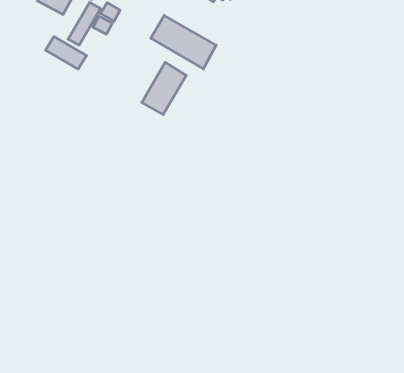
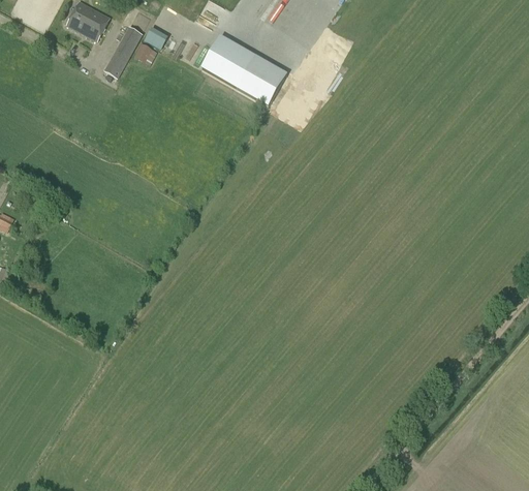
building: [46,37,87,69] -> none
building: [142,62,186,115] -> none

